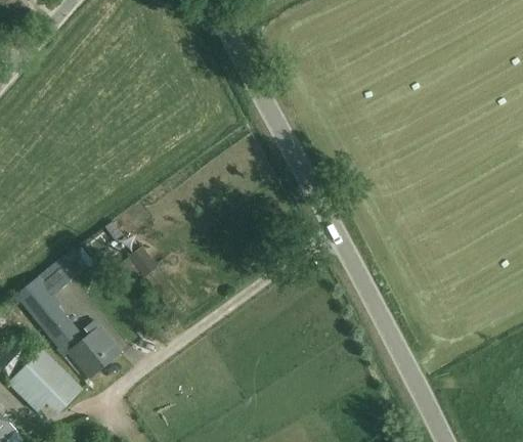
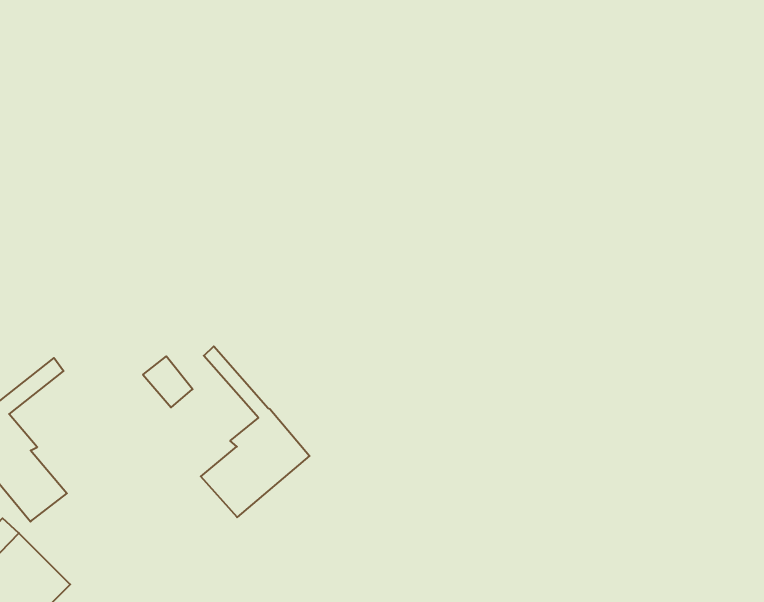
building: none -> [201,346,310,517]
building: [69,320,122,379] -> none

